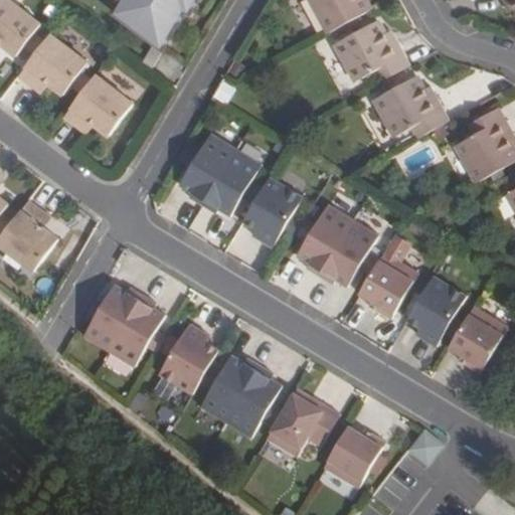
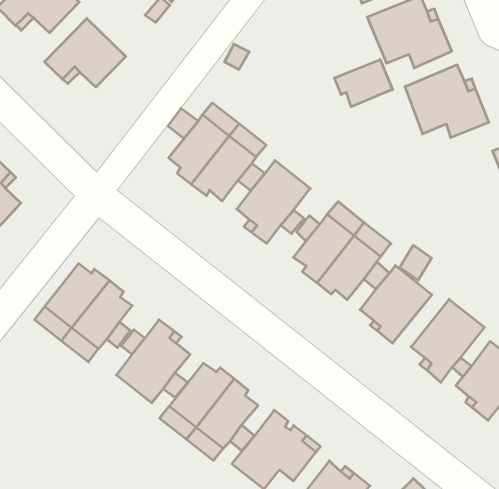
building: none -> [335,59,393,107]

